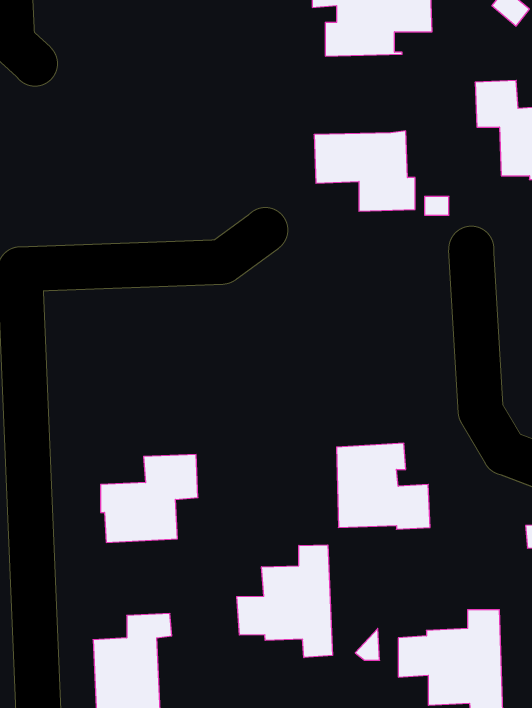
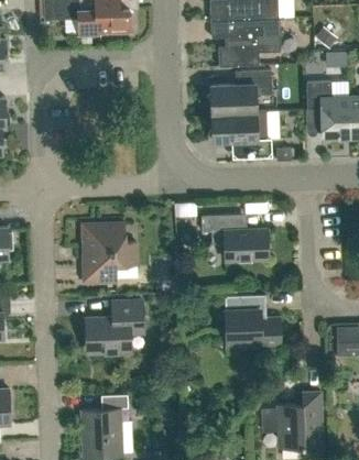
building: none -> [210,69,272,112]
building: none -> [200,213,269,260]
building: none -> [83,222,137,283]
building: [237,545,332,658] -> none

